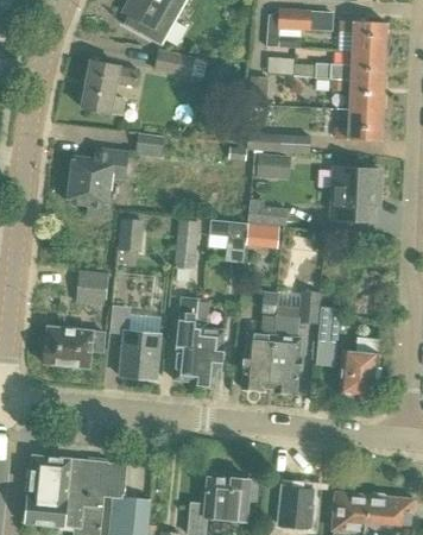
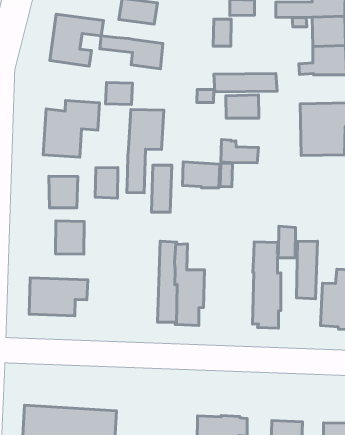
building: none -> [100,36,163,69]
building: none -> [127,110,164,193]
building: none -> [49,176,78,208]
building: [242,282,278,389] -> none
building: [120,328,162,378] -> none

